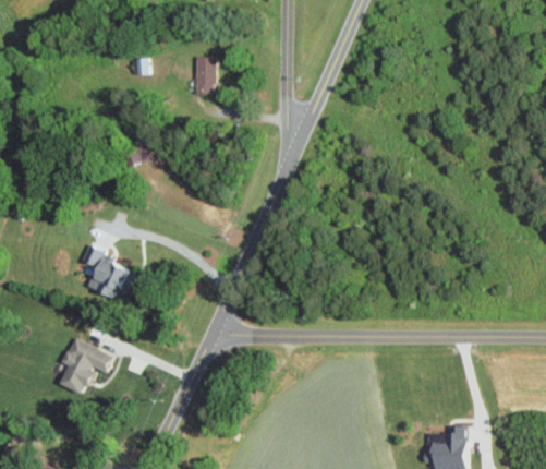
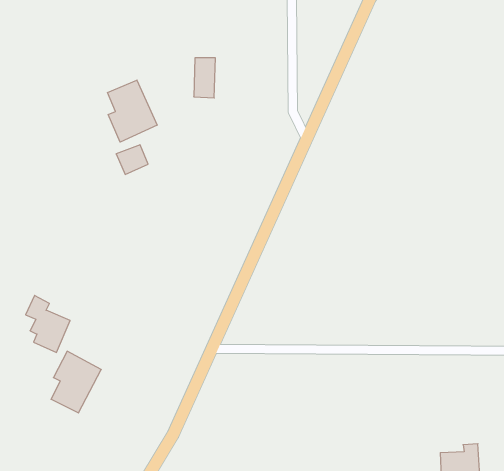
building: none -> [107,80,157,142]
building: [85,245,128,300] -> [26,295,70,352]

